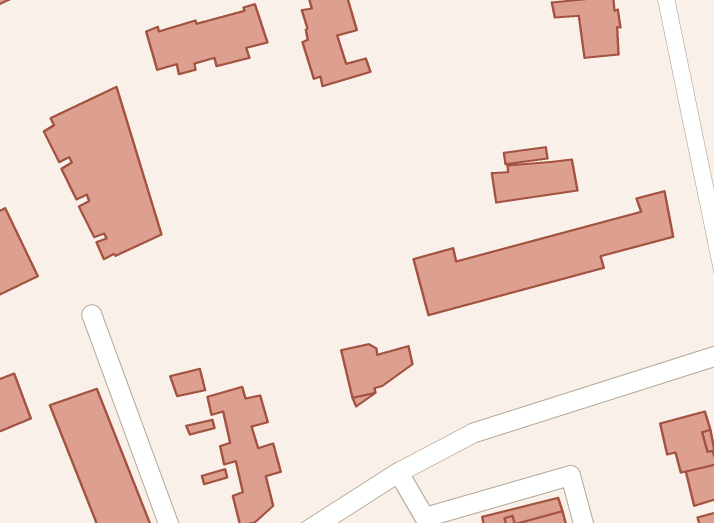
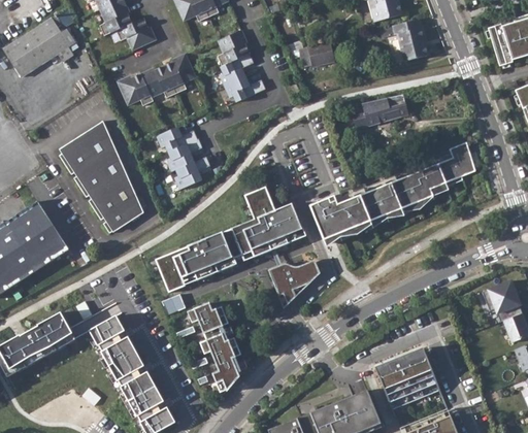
building: none -> [297,40,333,66]
building: none -> [156,126,210,189]
building: [492,160,577,202] -> [352,94,408,128]
building: none -> [156,186,303,292]

